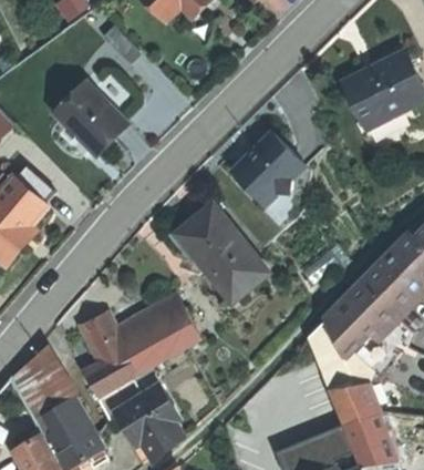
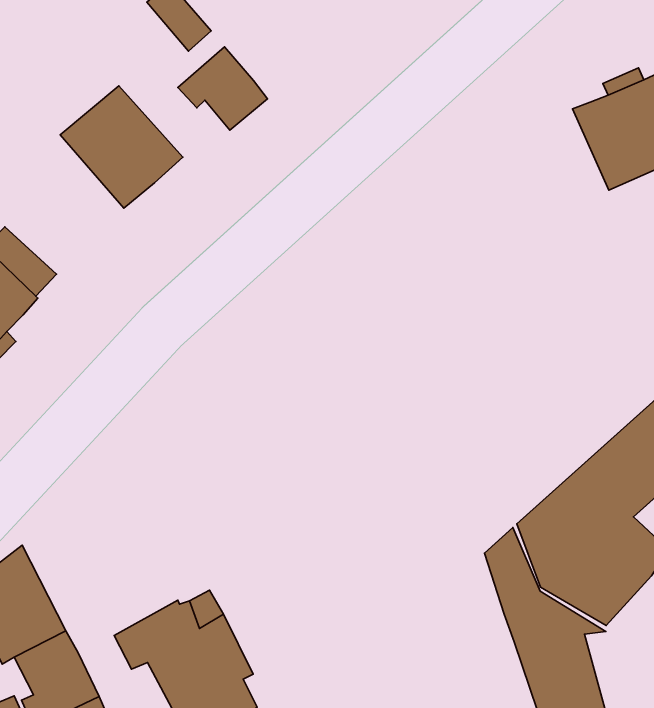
building: none -> [178,47,268,130]
building: [234,133,304,204] -> none
building: [176,204,268,303] -> none
building: [80,290,197,398] -> none

